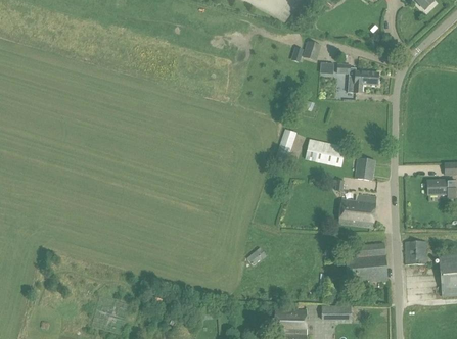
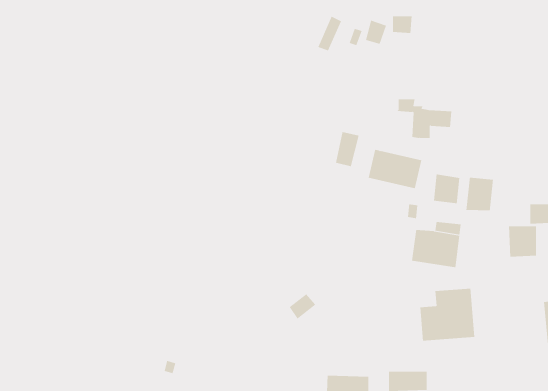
building: [336,62,378,92] -> [396,99,452,138]
building: none -> [466,177,494,211]
building: [404,240,425,263] -> [508,226,537,257]

